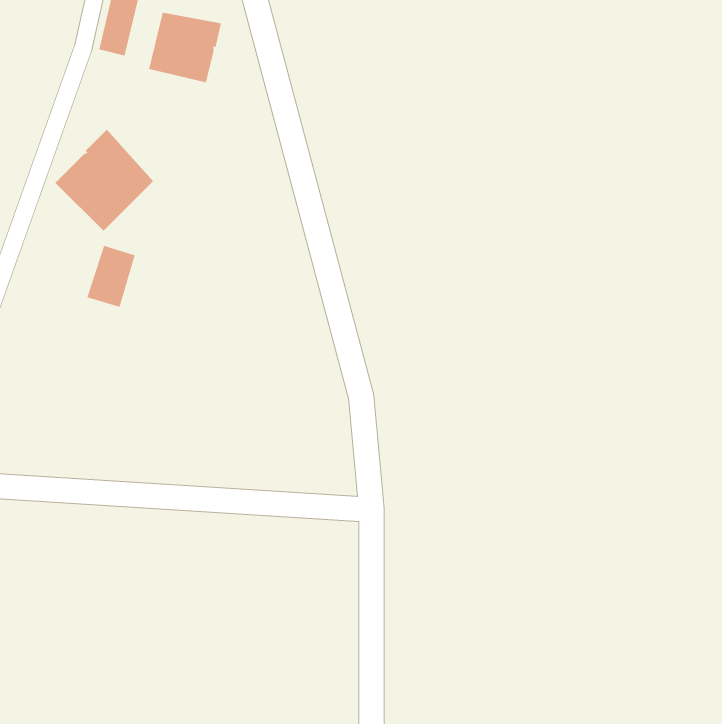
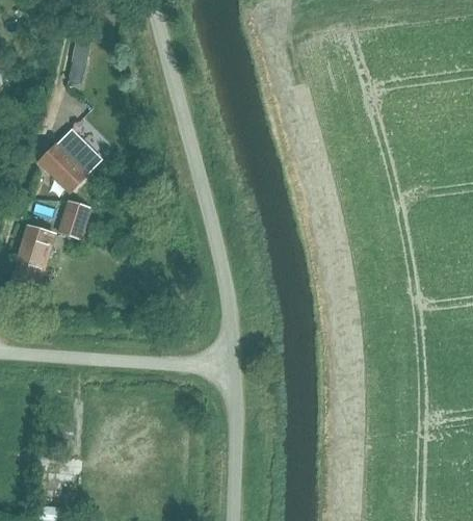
building: [149,12,222,83] -> none
building: none -> [11,224,50,284]

